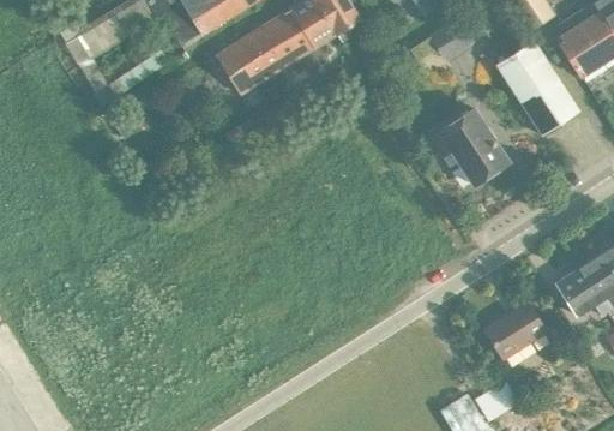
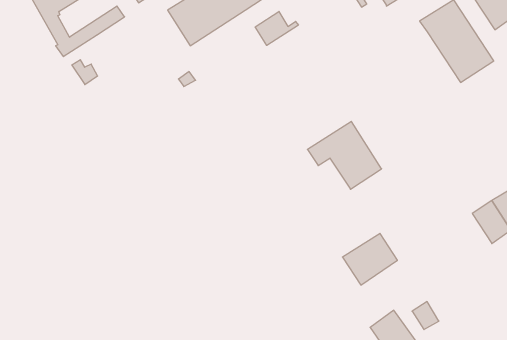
building: none -> [255,11,298,45]
building: [425,108,507,184] -> [307,121,382,189]
building: [483,301,544,359] -> [342,233,397,285]

